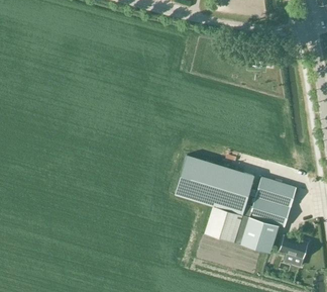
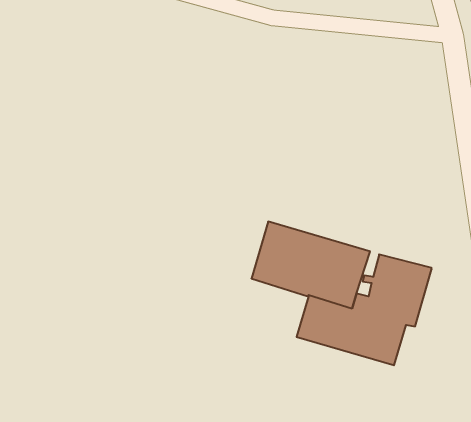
building: [279,233,309,259] -> none

